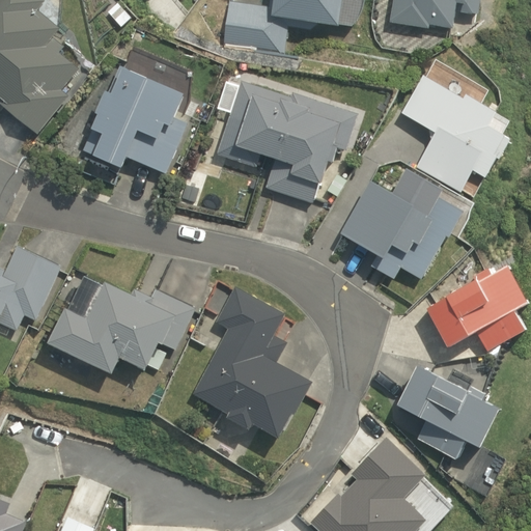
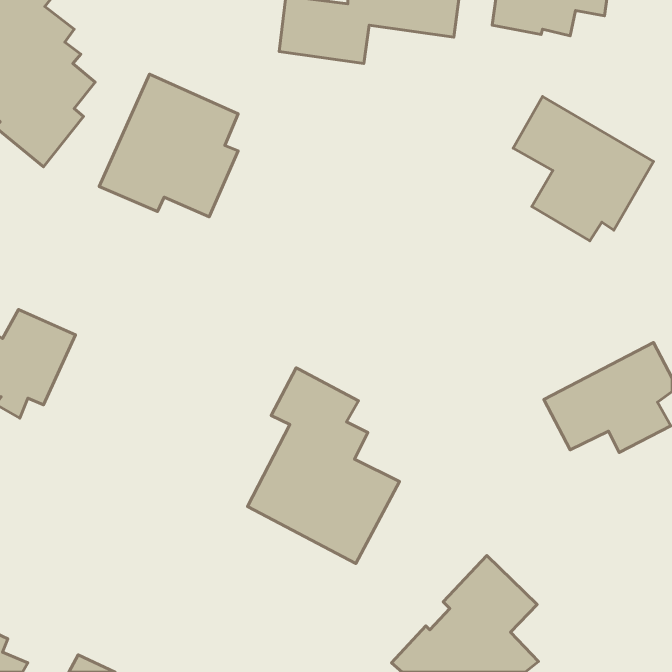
building: [226,77,346,206] -> none
building: [342,172,463,285] -> none
building: [48,278,191,369] -> none
building: [396,363,503,463] -> none

